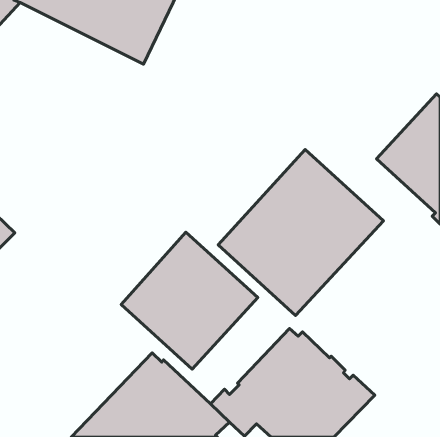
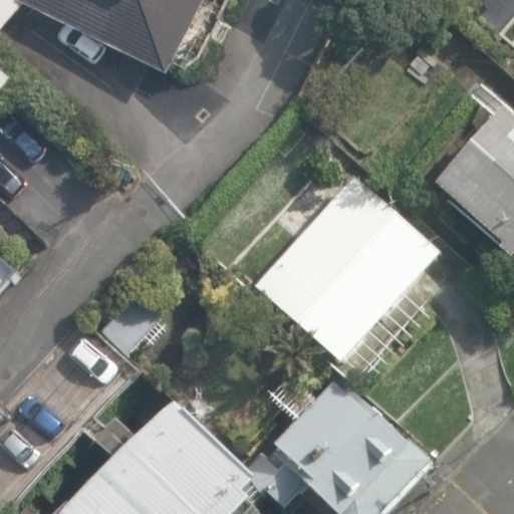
building: [121,232,258,369] -> none

